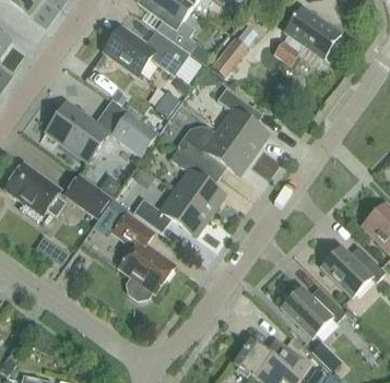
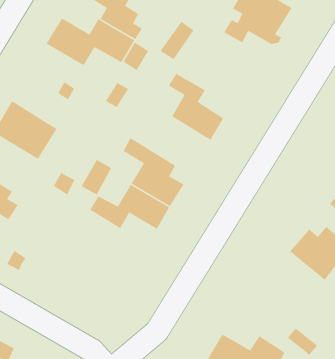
building: [111,111,156,155] -> none
building: [175,124,253,176] -> none
building: [64,175,110,217] -> none
building: [113,213,174,298] -> none
building: [281,286,345,337] -> none

